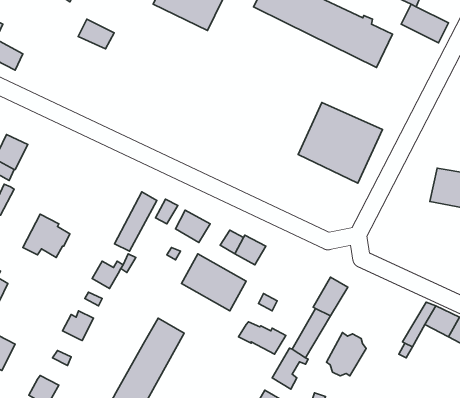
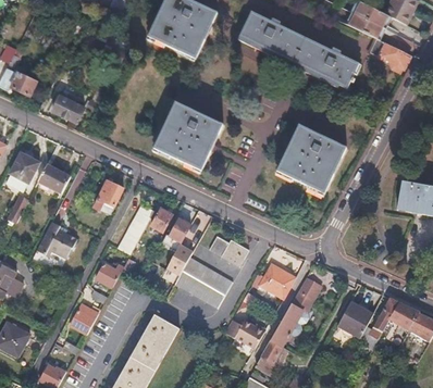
building: [78,19,114,49] -> [51,95,83,121]
building: none -> [152,102,225,173]
building: none -> [38,163,69,190]
building: none -> [92,178,123,214]
building: none -> [250,262,295,300]
building: [326,332,366,376] -> [336,299,371,337]

